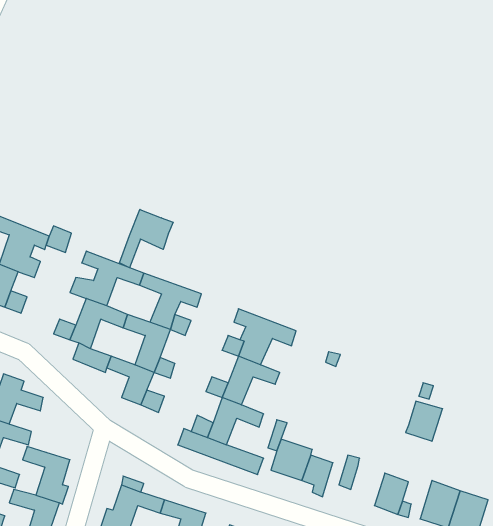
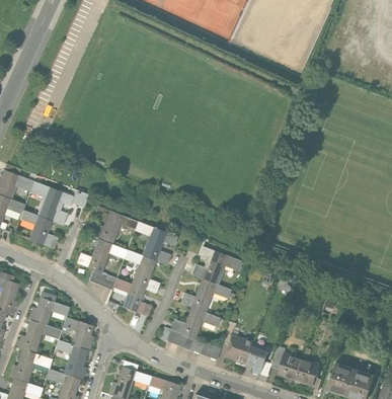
building: [119,209,173,268] -> none
building: [406,401,443,441] -> [278,353,303,381]
building: none -> [63,317,93,350]

